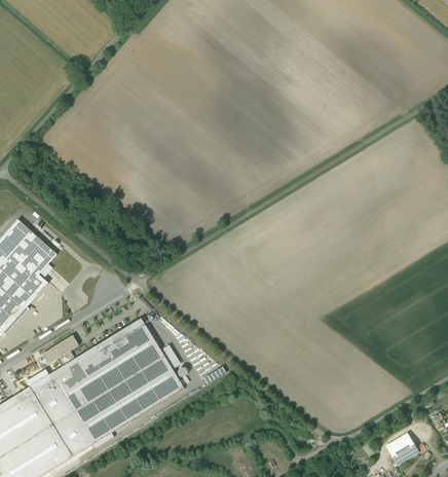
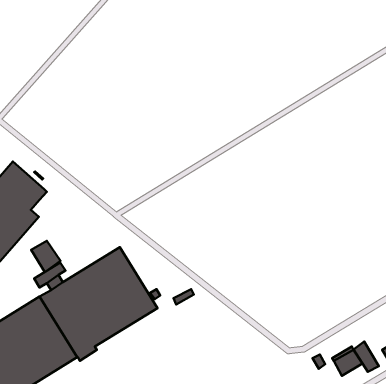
building: none -> [31,241,61,272]
building: none -> [353,342,379,372]

